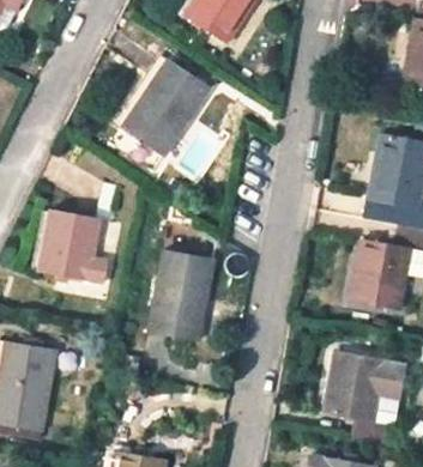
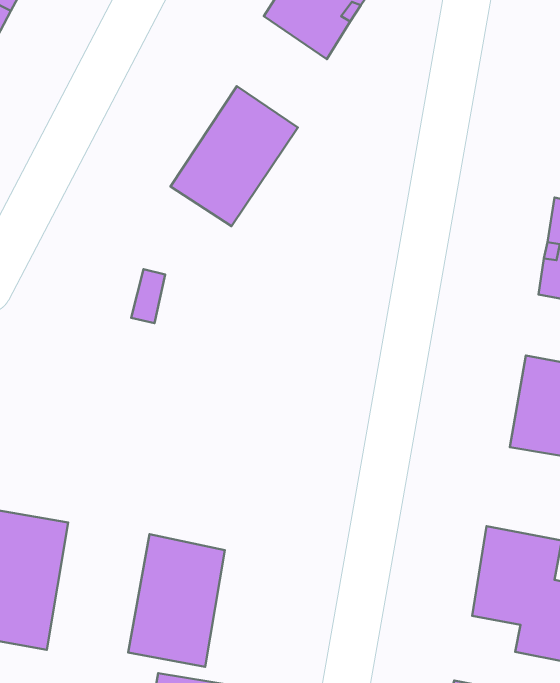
building: [38,211,105,280] -> none
building: [147,249,212,338] -> [128,534,225,667]

